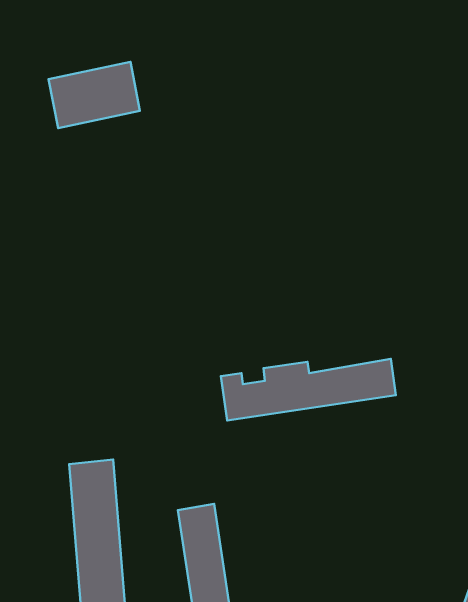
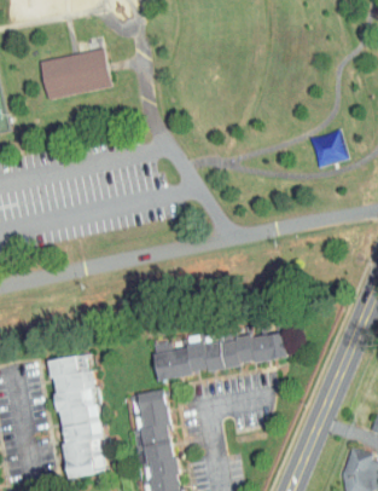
building: [221,359,396,420] -> [153,330,287,377]

